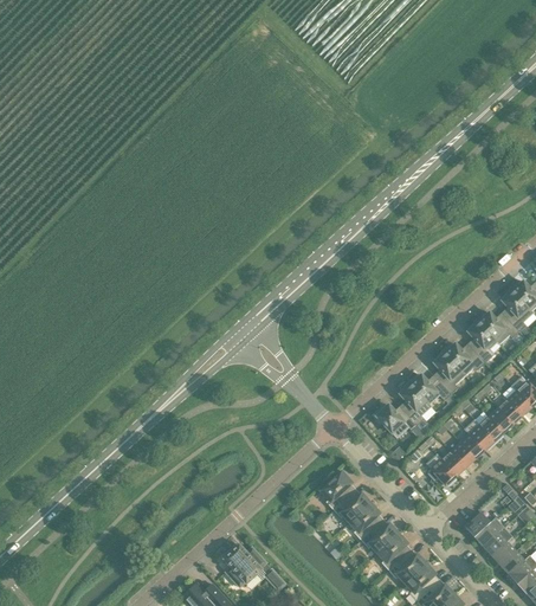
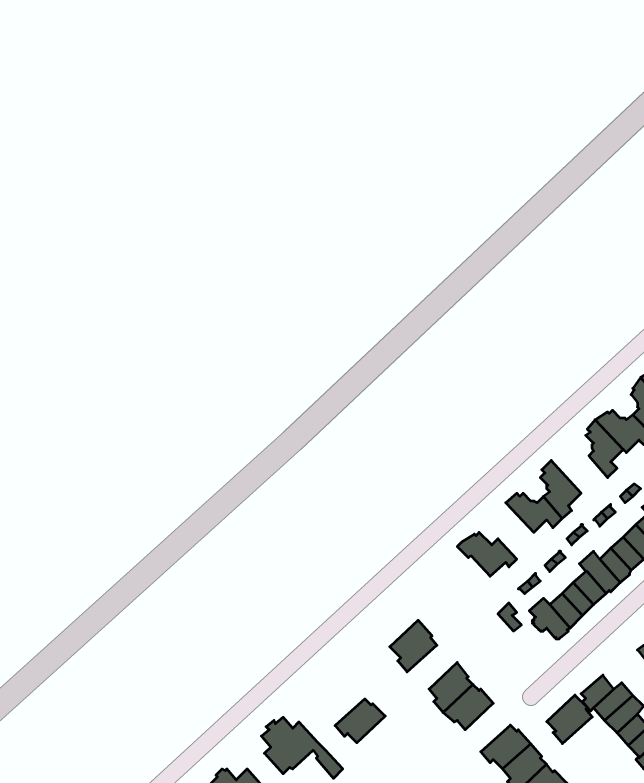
building: [444,343,486,375] -> none
building: [401,382,432,425] -> none
building: [335,490,373,523] -> [335,699,385,743]
building: [379,534,413,570] -> [547,695,592,744]

